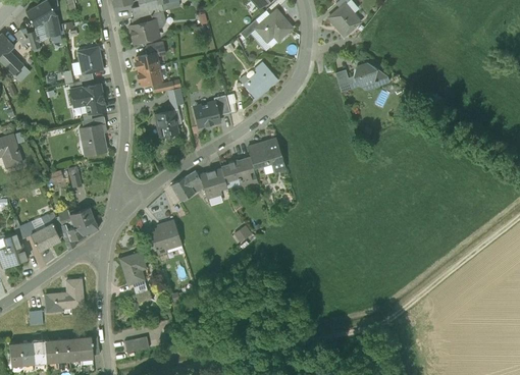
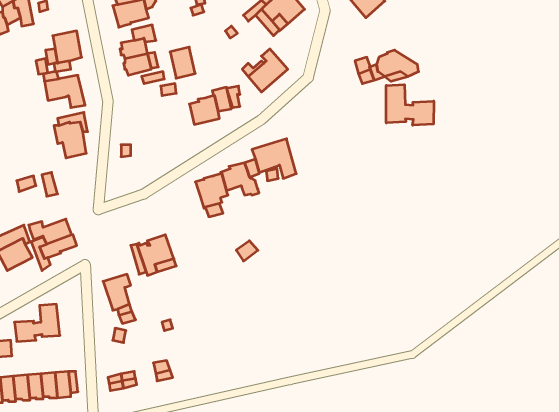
building: none -> [386,85,434,125]
building: [155,110,176,137] -> [170,47,195,78]
building: [171,171,203,201] -> none

